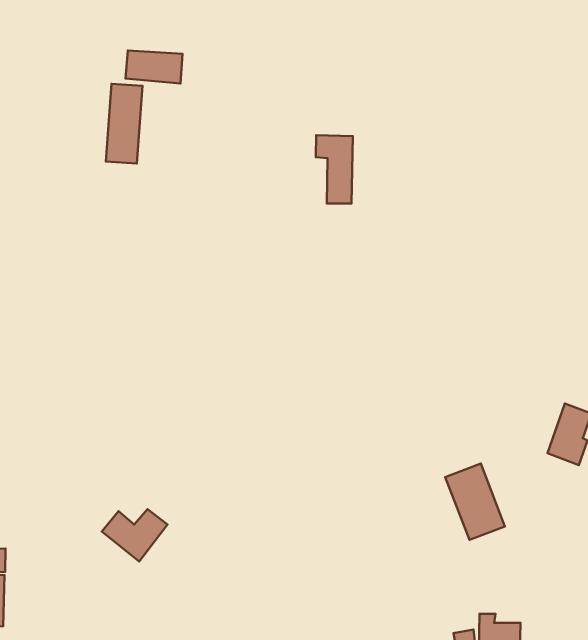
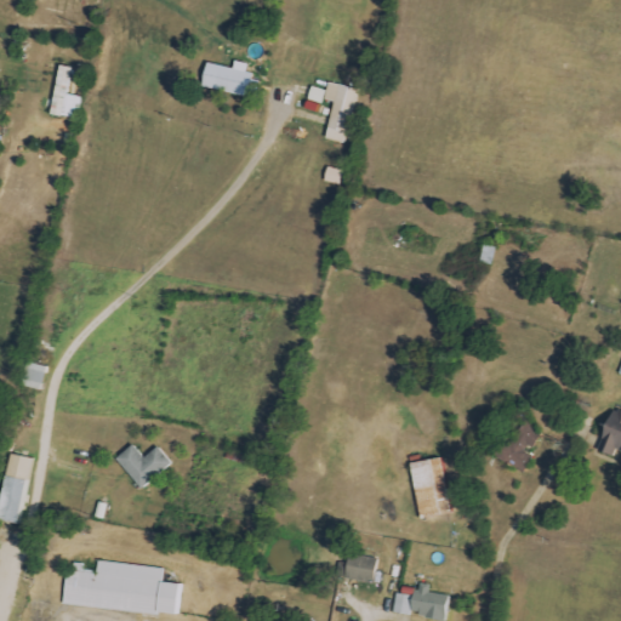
building: [106,84,142,164] -> none
building: [316,135,353,203] -> [323,80,357,142]
building: none -> [335,553,375,580]

